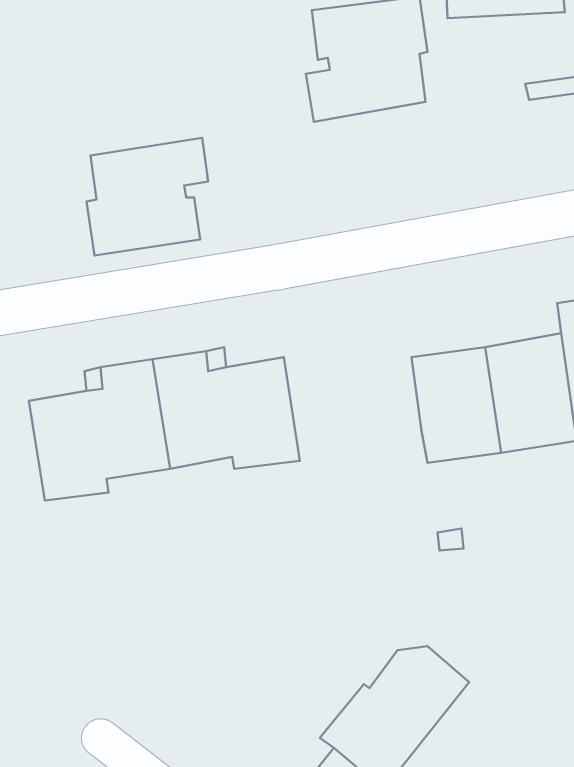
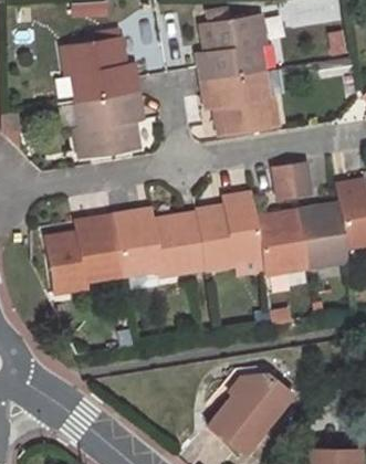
building: none -> [64,35,140,103]
building: none -> [202,73,279,139]
building: none -> [275,162,313,197]
building: none -> [197,192,262,270]

